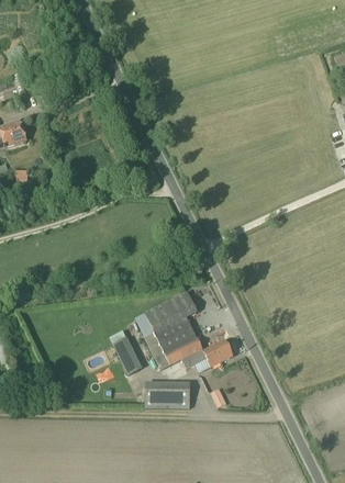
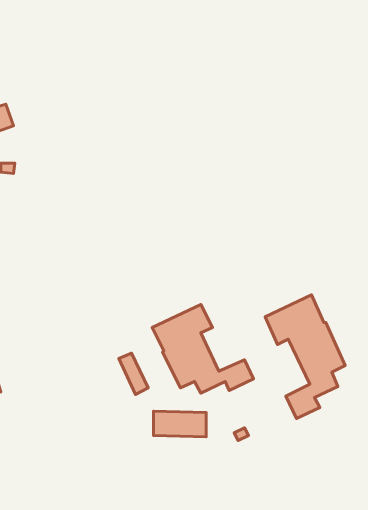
building: none -> [265,295,345,419]

